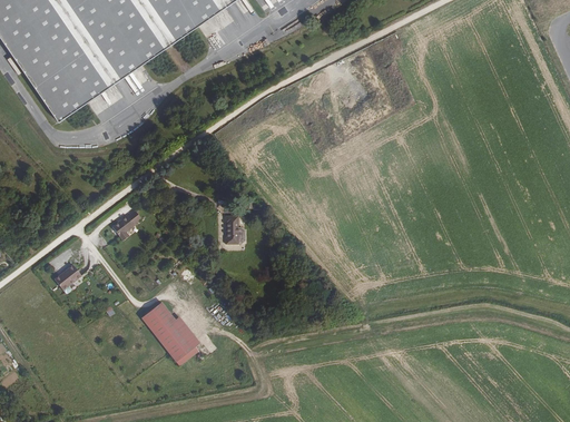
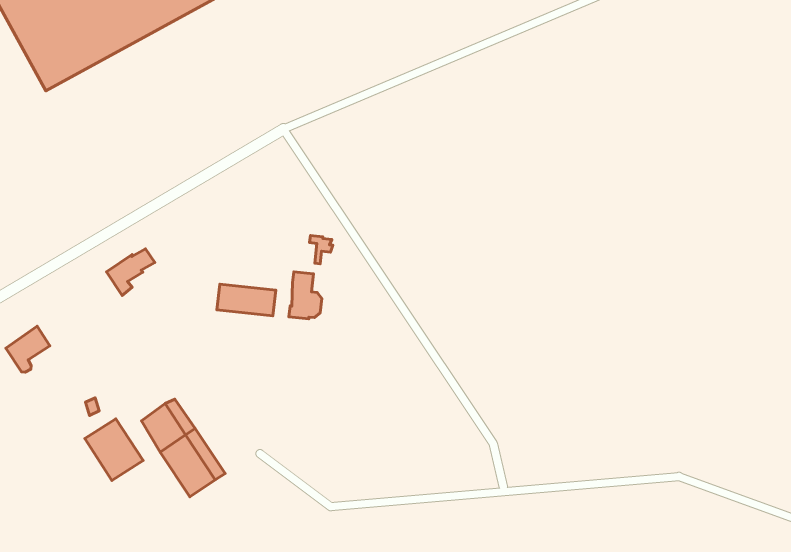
building: none -> [217,284,276,316]
building: none -> [85,419,143,480]

